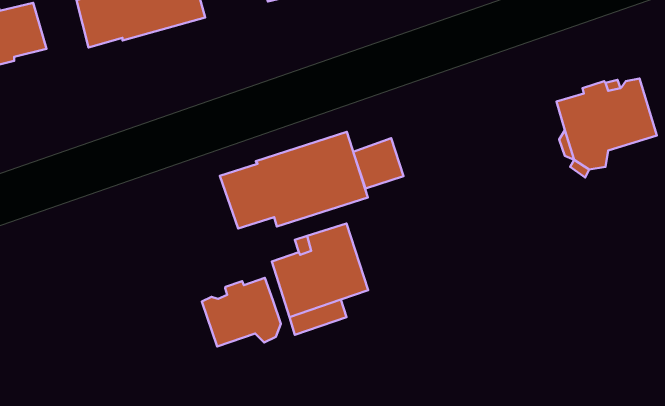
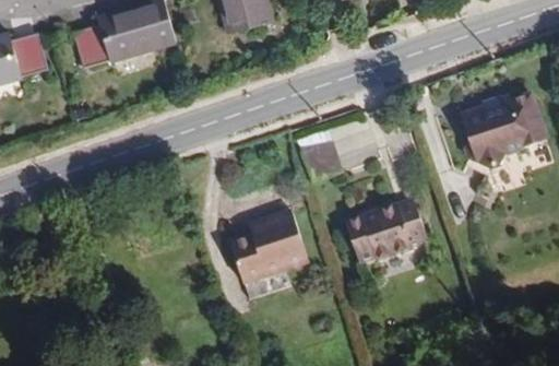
building: [220,132,368,228] -> none
building: none -> [345,198,427,263]
building: [202,278,281,346] -> none

